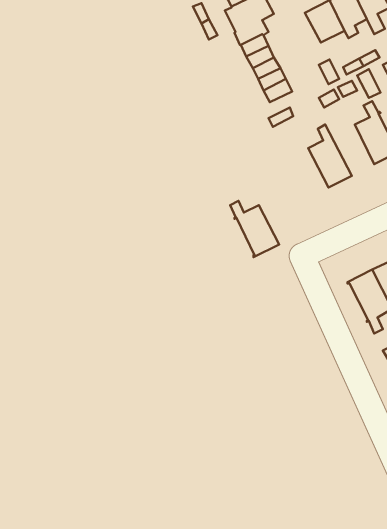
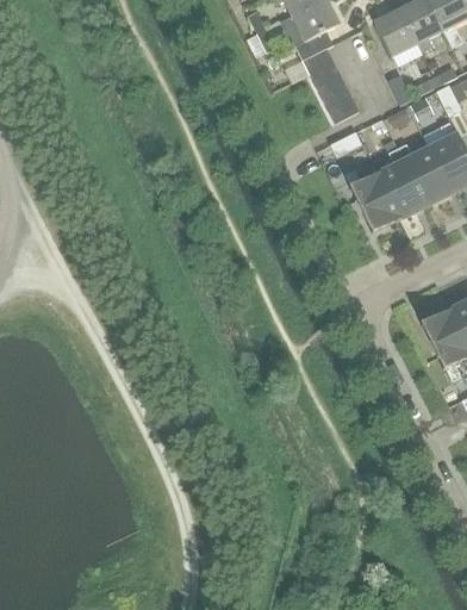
building: none -> [397,142,452,204]
building: [230,201,279,257] -> [345,168,400,231]

